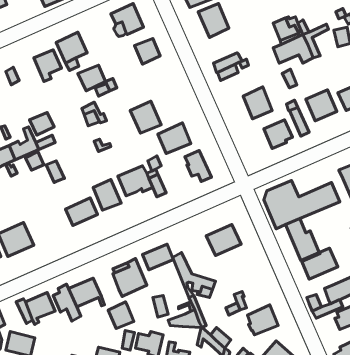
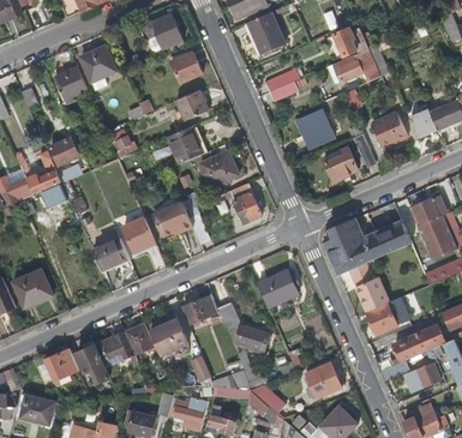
building: [78,65,106,91] -> [175,90,208,120]
building: [108,302,134,329] -> [124,323,154,354]

